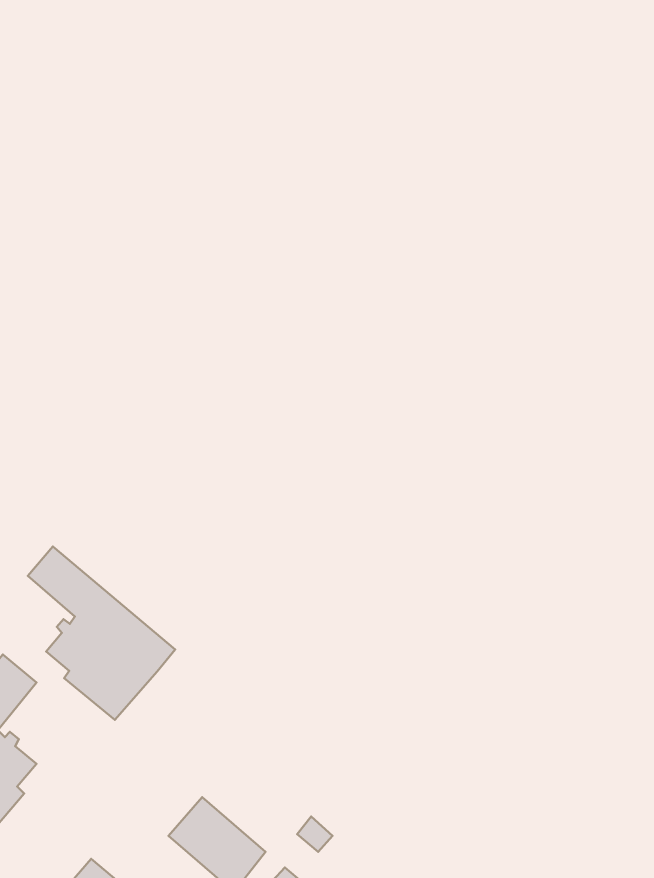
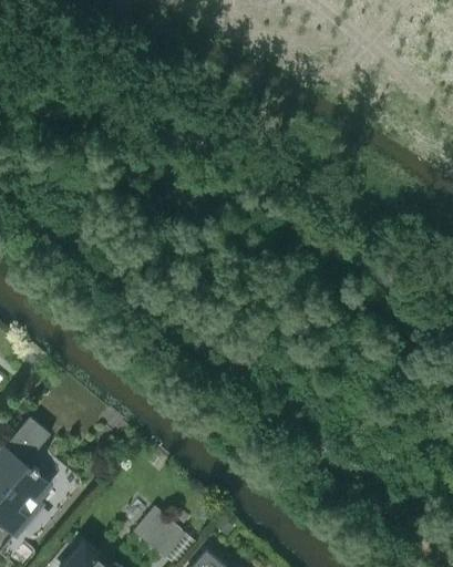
building: [28,546,175,720] -> none

